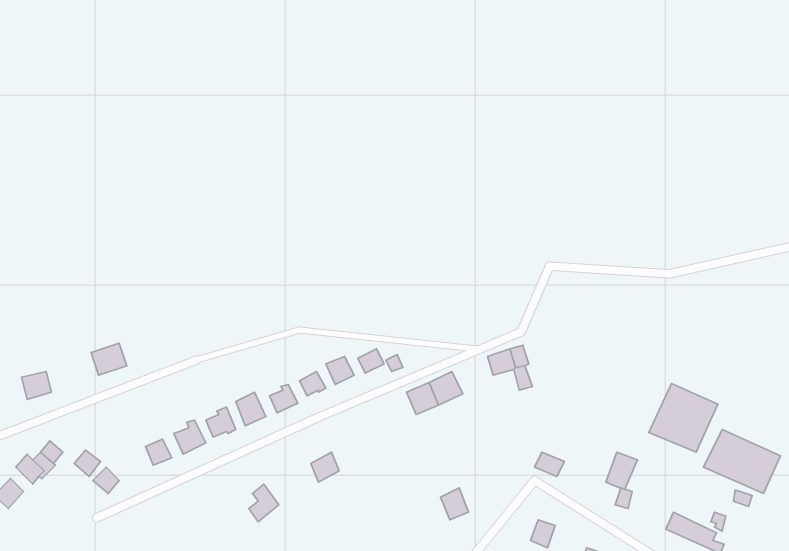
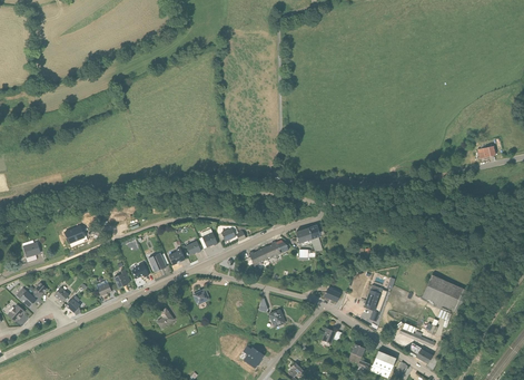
building: [649,383,718,452] -> none

